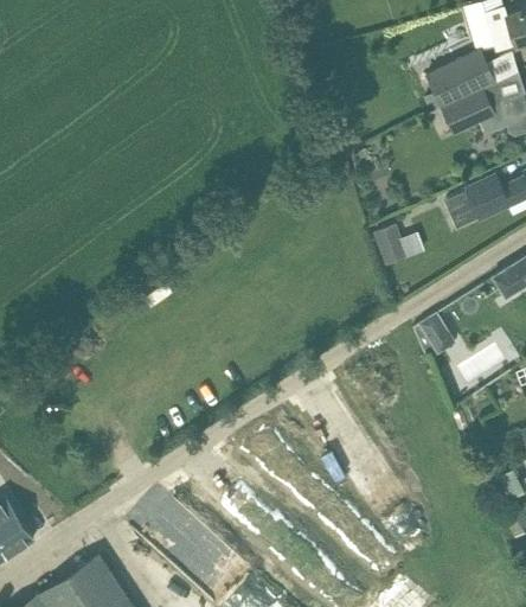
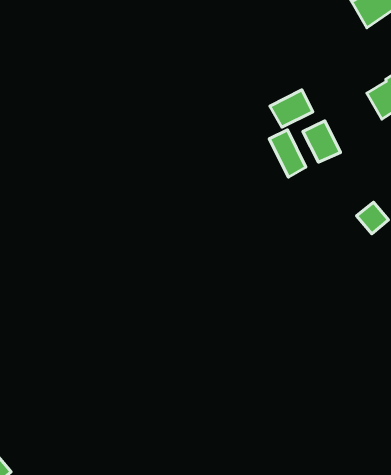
building: none -> [270,90,313,127]
building: none -> [269,130,306,177]

